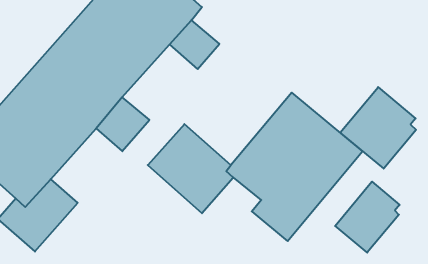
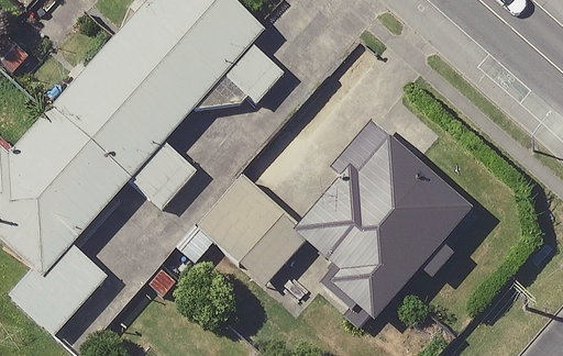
building: [340,87,416,169] -> none
building: [335,182,400,253] -> none

